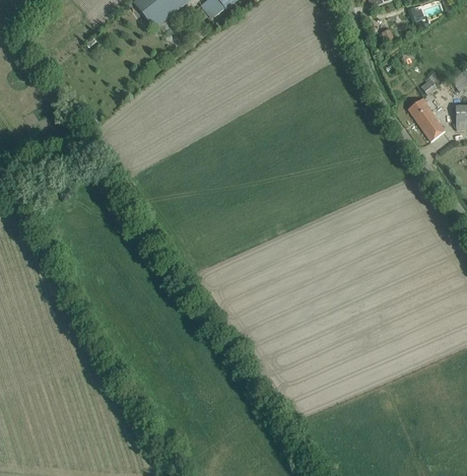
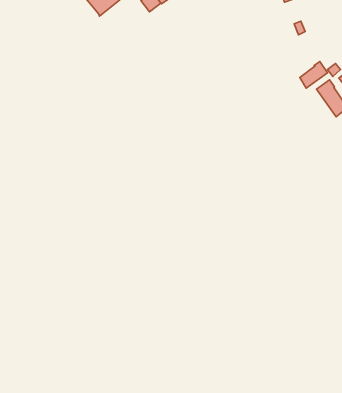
building: none -> [300,62,328,88]

